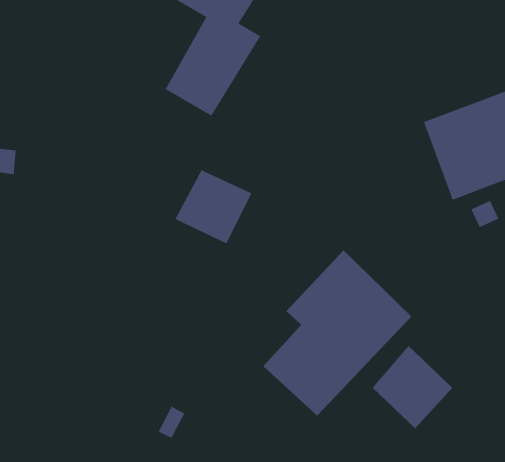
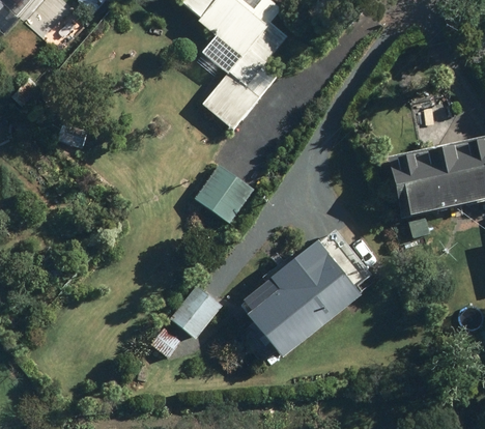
building: none -> [169,284,223,339]
building: [372,345,453,429] -> none

